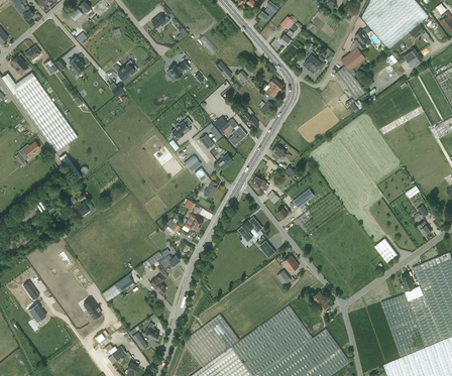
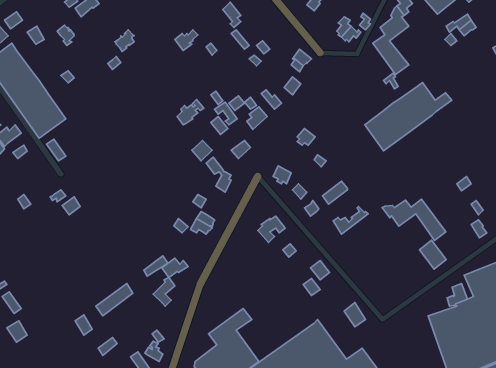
building: none -> [365,82,452,151]
building: none -> [382,199,446,241]

